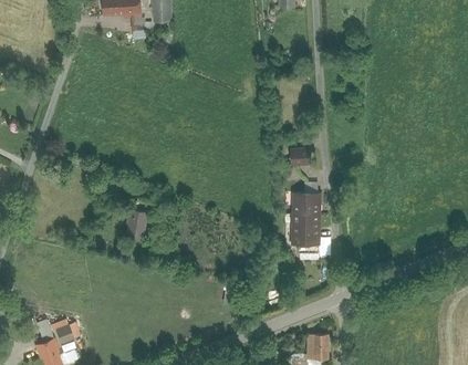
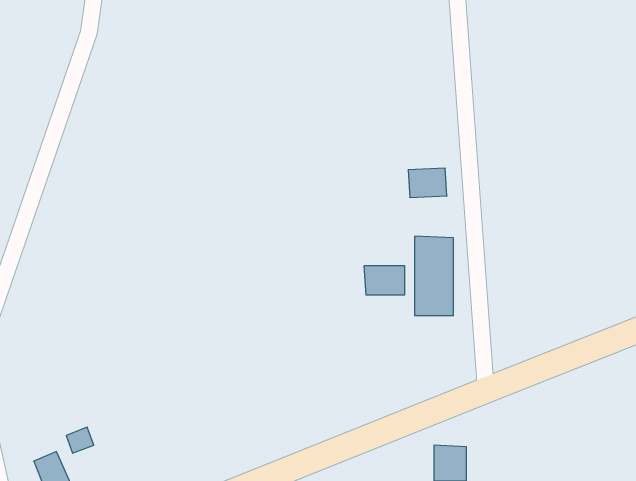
building: [124,210,146,238] -> none
building: none -> [364,266,404,295]

